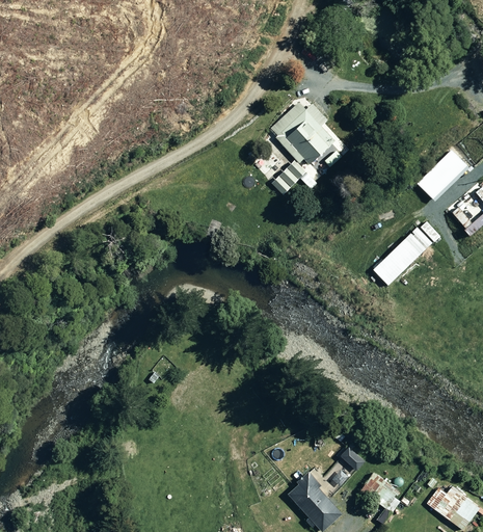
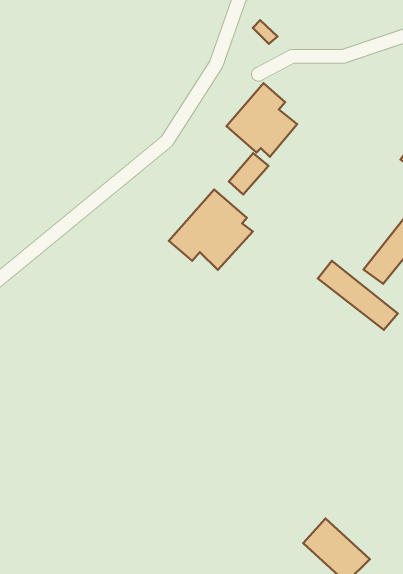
building: none -> [169,189,253,270]
building: none -> [318,261,398,330]

